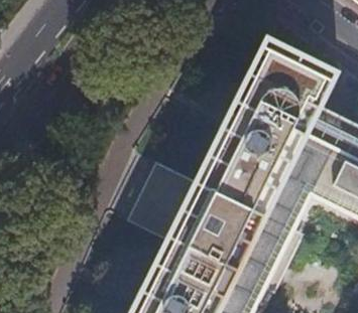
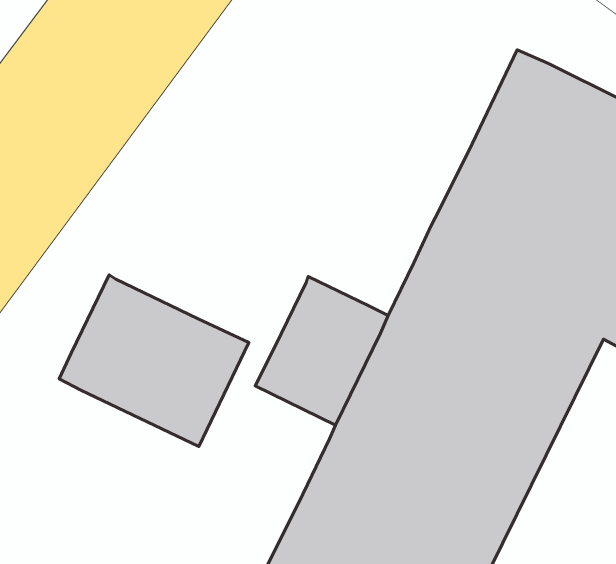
building: none -> [59,275,249,447]

